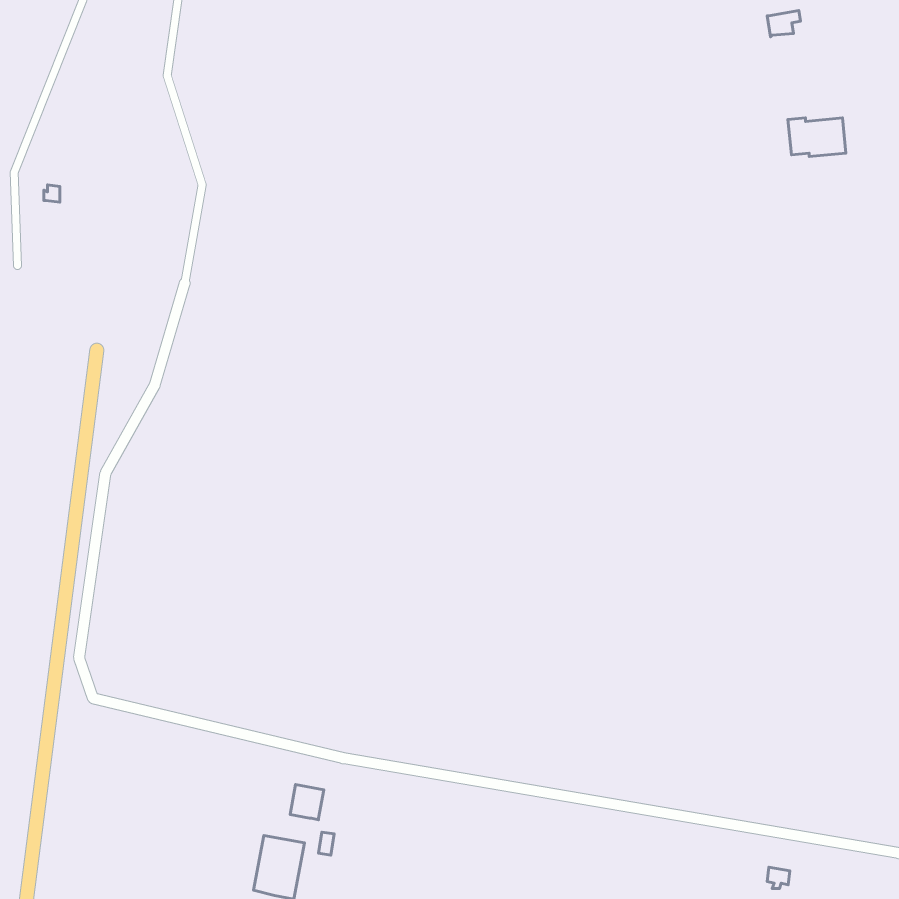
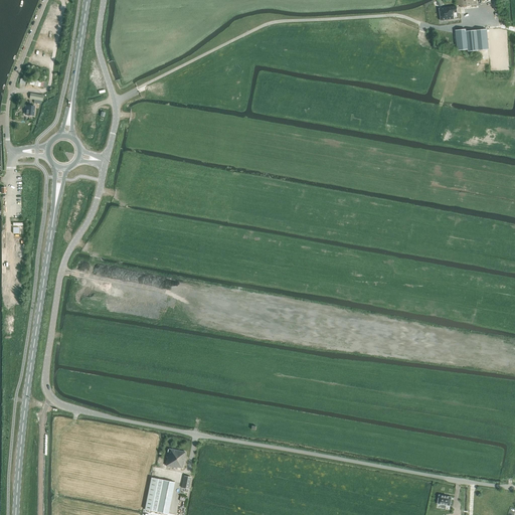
building: [788,118,846,157] -> [456,29,489,51]

